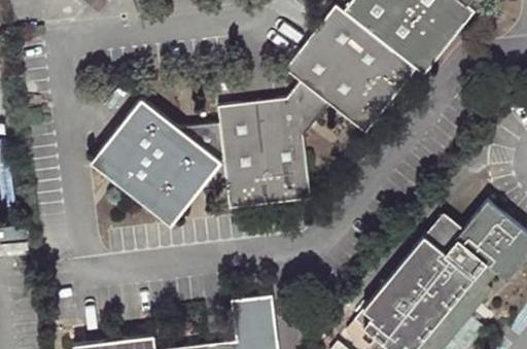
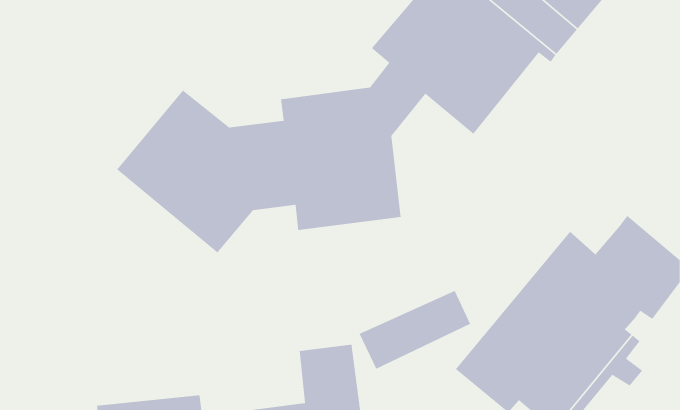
building: none -> [359,290,471,370]

